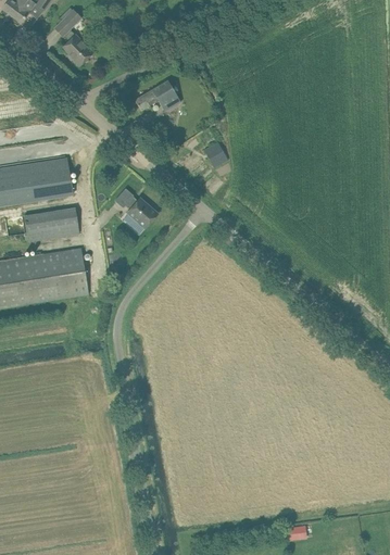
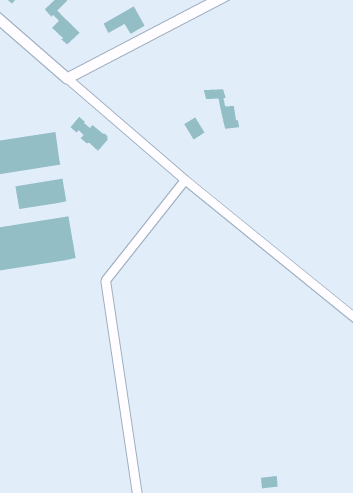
building: [135,79,180,111] -> [103,5,145,35]
building: none -> [203,89,240,129]
building: [115,188,158,228] -> [70,116,109,153]

